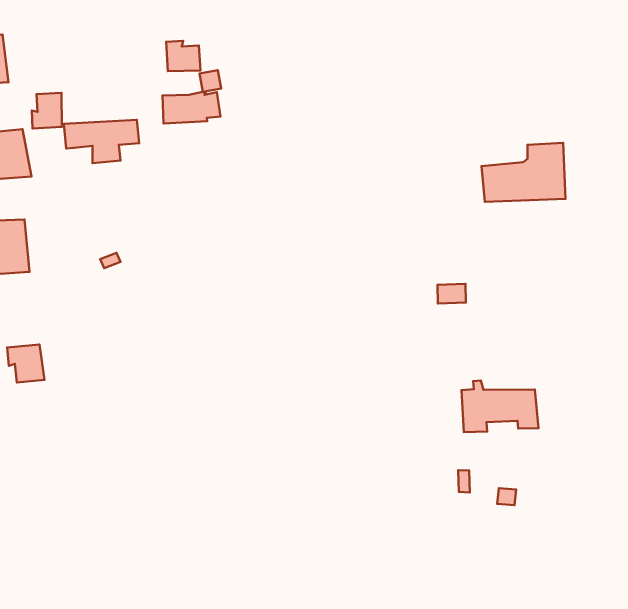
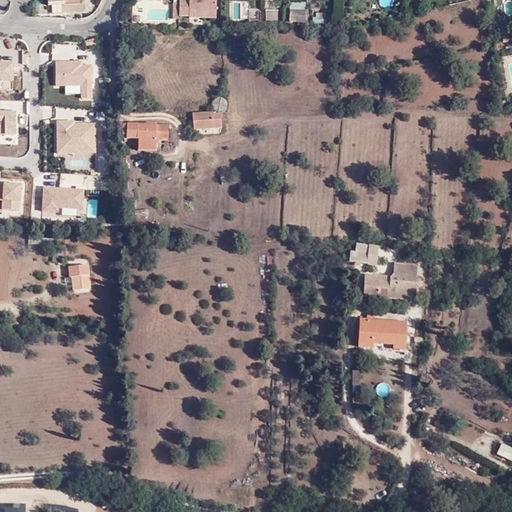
building: [166,41,200,71] -> none
building: [32,93,62,128] -> none
building: [481,143,565,202] -> [367,260,421,297]

